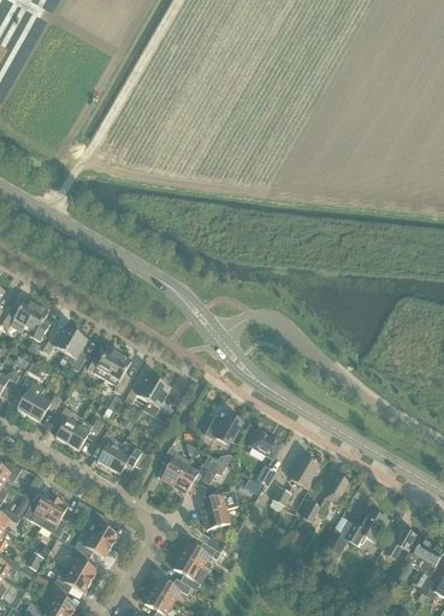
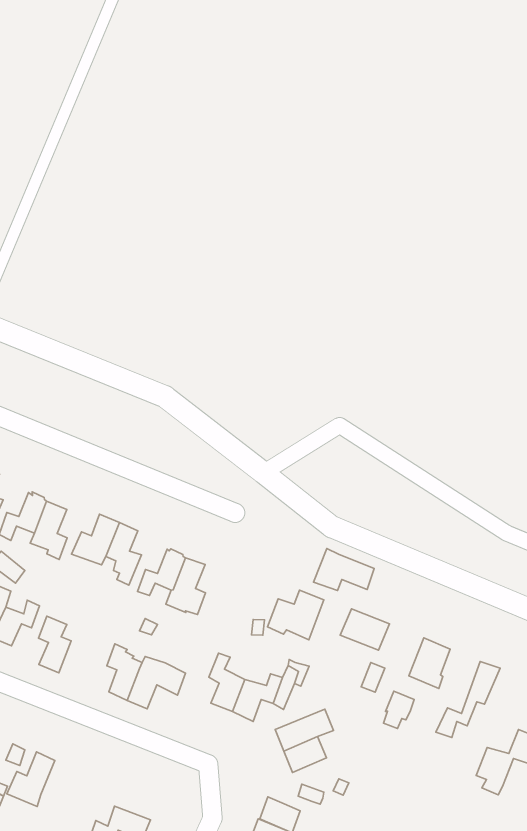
building: none -> [314,548,374,591]
building: [67,417,103,450] -> none
building: [41,498,69,535] -> none
building: [84,510,118,545] -> none

